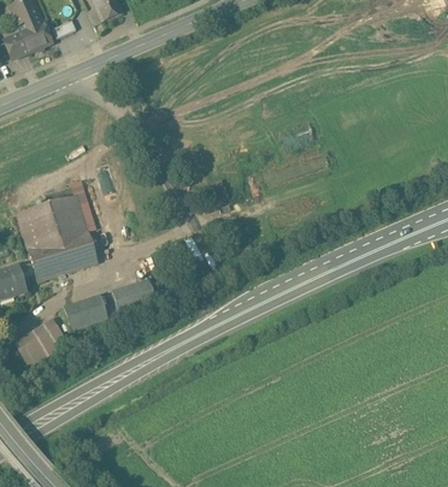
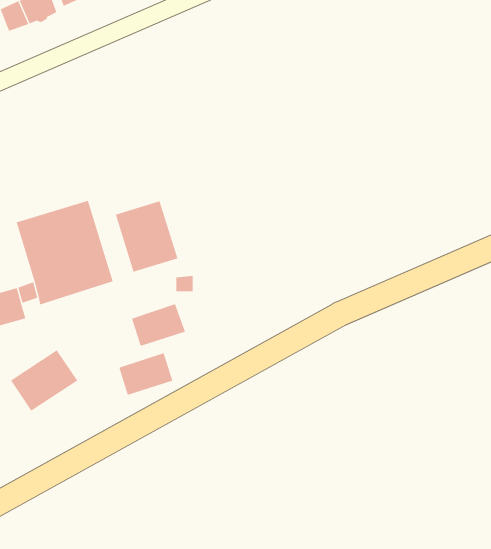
building: none -> [115,201,178,272]
building: [64,295,108,329] -> [118,353,173,396]

